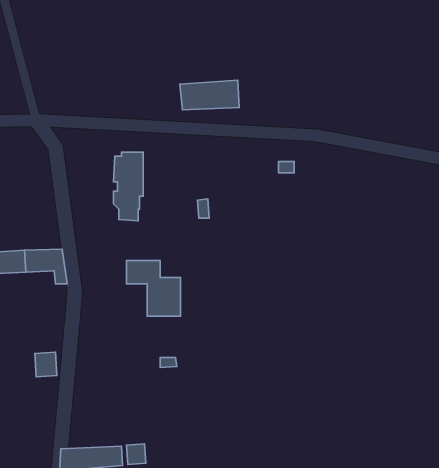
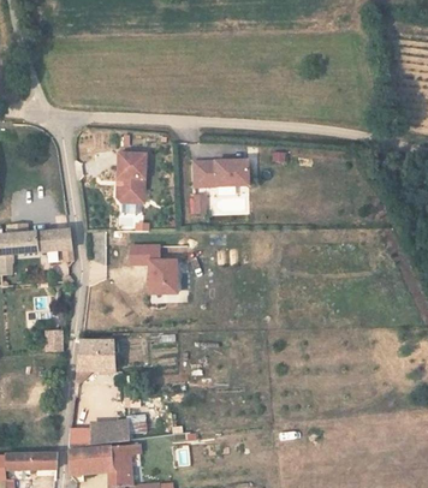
building: [180,80,239,110] -> [194,153,249,180]
building: none -> [73,344,113,370]

